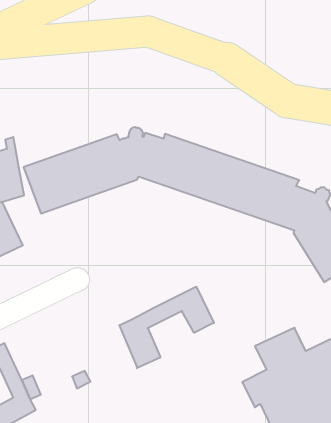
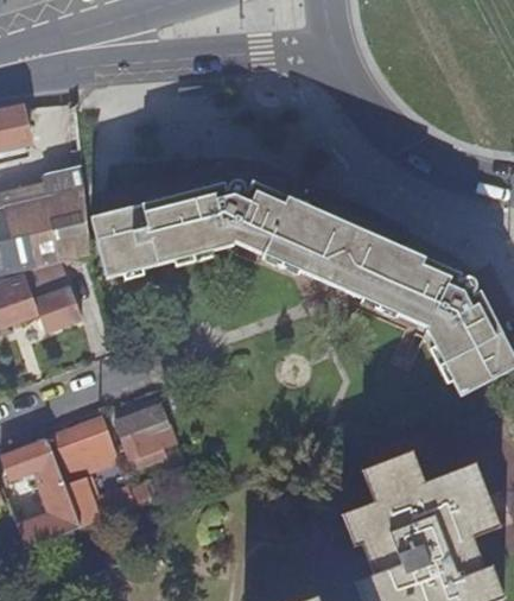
building: [119,287,214,368] -> none
building: none -> [113,400,173,457]
building: none -> [53,417,109,467]

